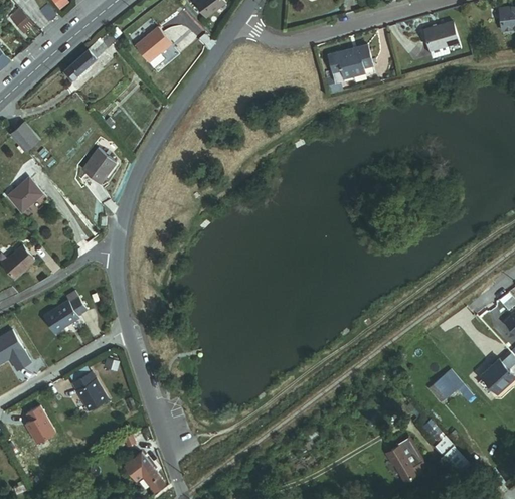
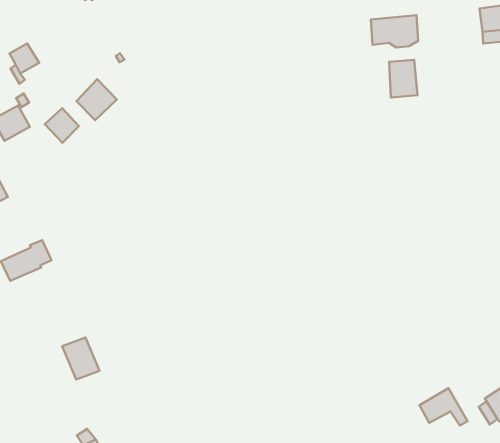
building: none -> [389,60,418,97]
building: none -> [45,108,79,143]
building: [68,375,105,413] -> [62,337,100,380]

